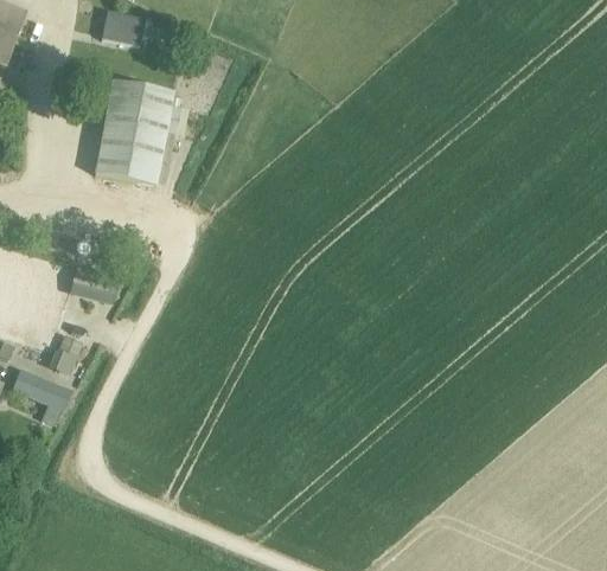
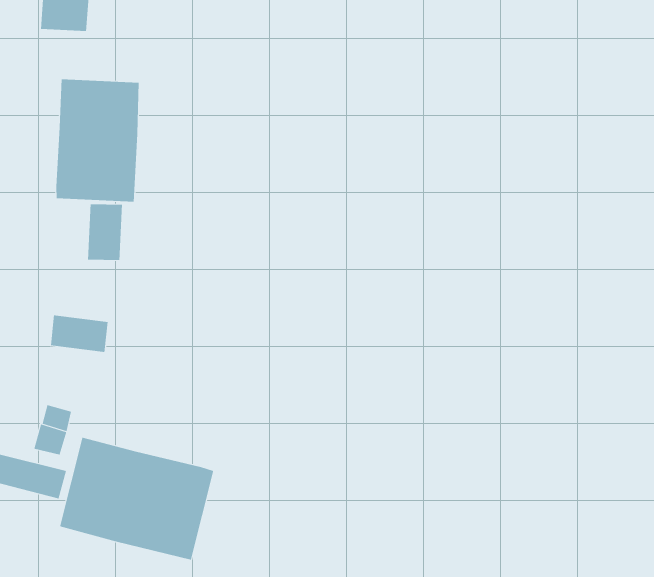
building: none -> [88,204,123,261]
building: none -> [60,437,214,561]

